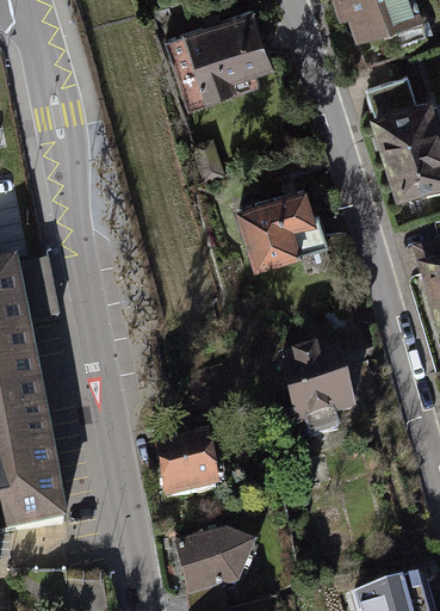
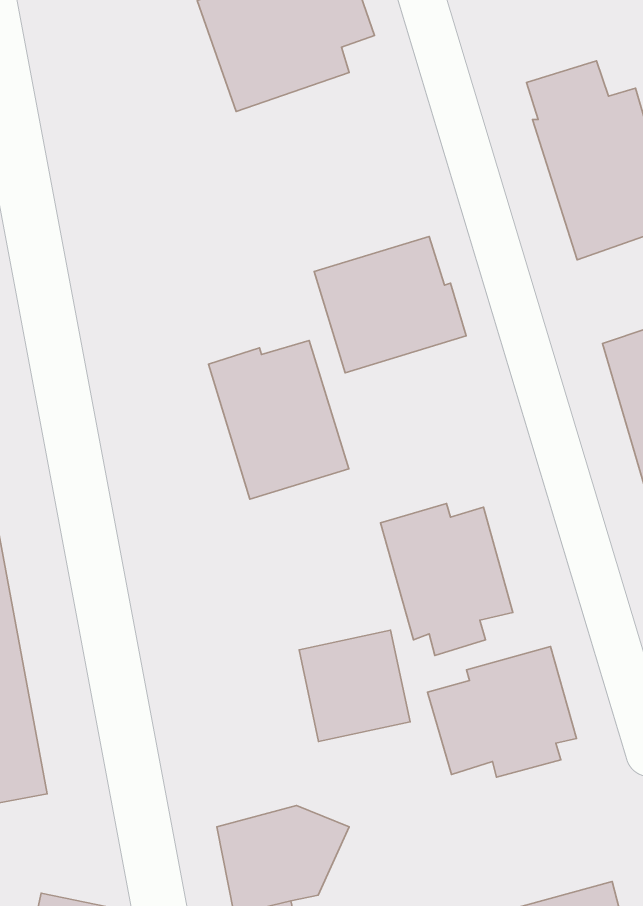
building: none -> [209,341,349,499]
building: none -> [428,647,576,777]
building: [150,432,218,500] -> [299,630,410,741]

